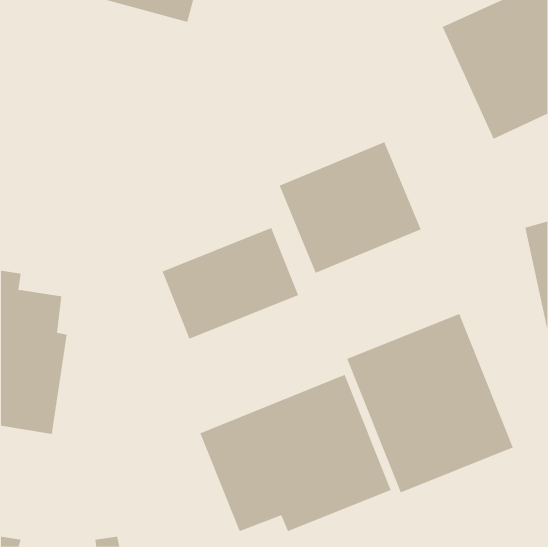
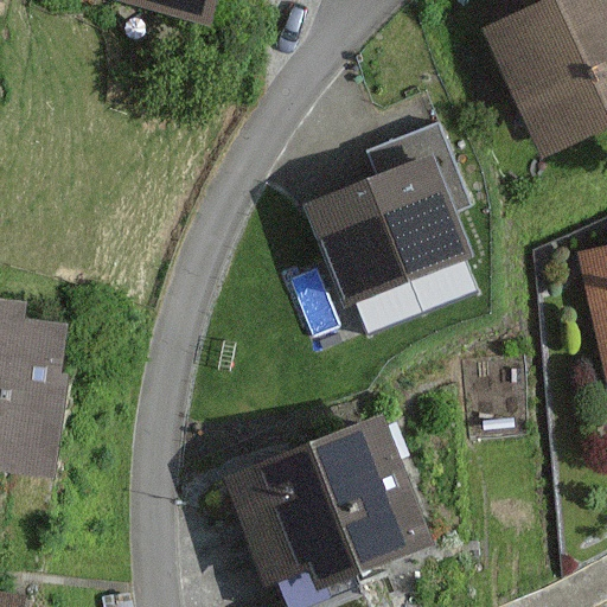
building: [162,227,299,340] -> none
building: [347,313,514,493] -> none

